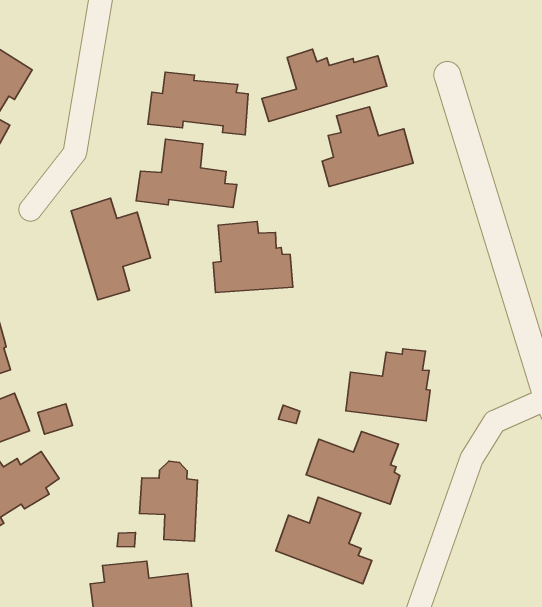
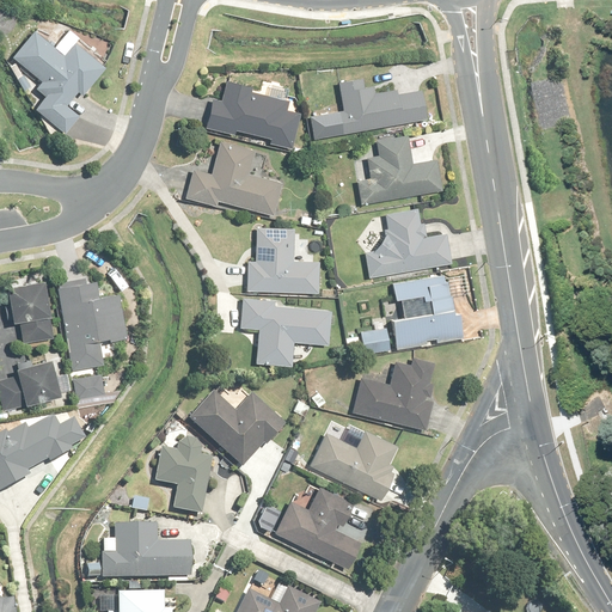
building: none -> [366,210,451,276]
building: [71,198,151,300] -> [59,280,126,371]
building: none -> [360,277,463,354]
building: none -> [241,299,330,365]
building: none -> [189,392,284,467]

